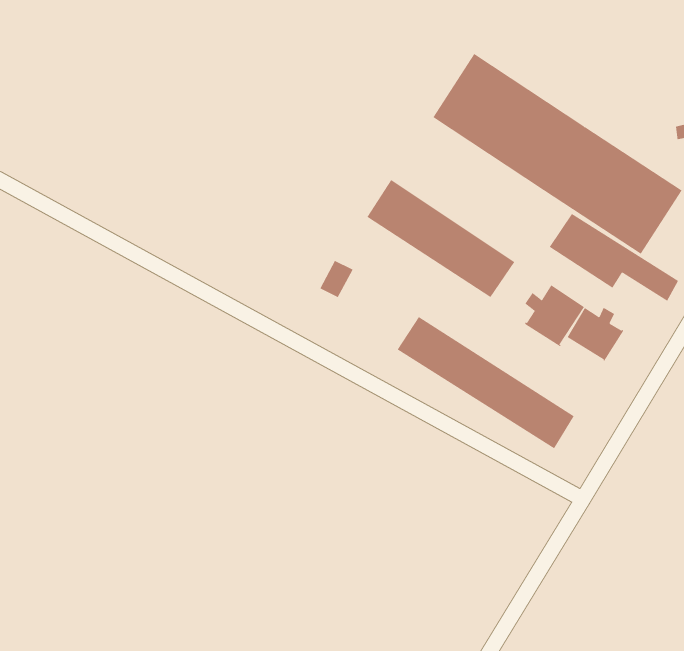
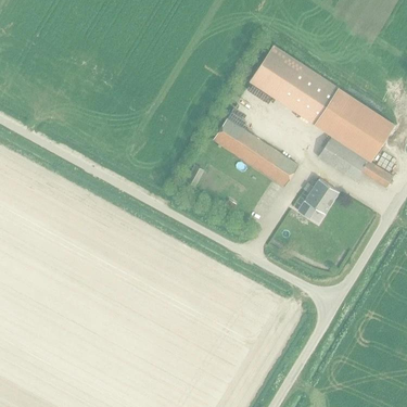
building: [567,307,624,362] -> none
building: [397,316,574,449] -> none

